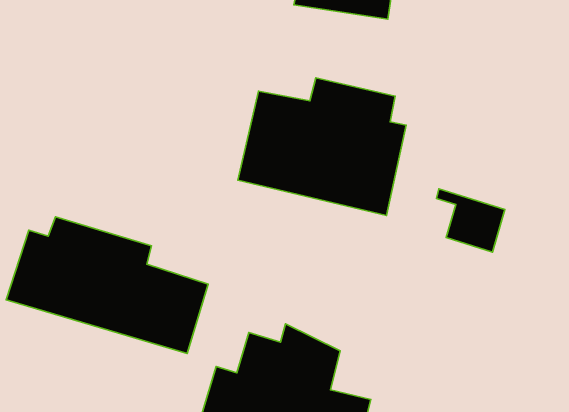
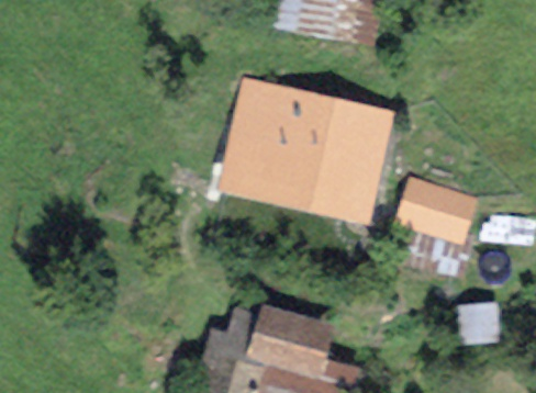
building: [6,217,208,354] -> none

